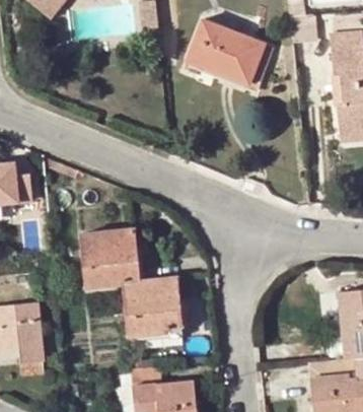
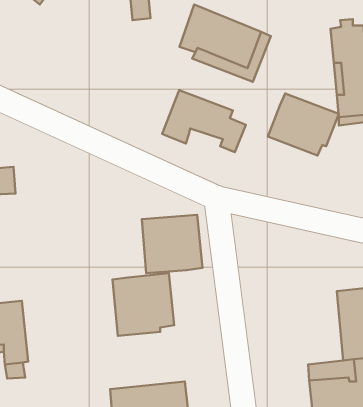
building: none -> [162,90,246,152]
building: none -> [268,94,339,155]
building: [80,228,138,284] -> [142,215,203,273]

